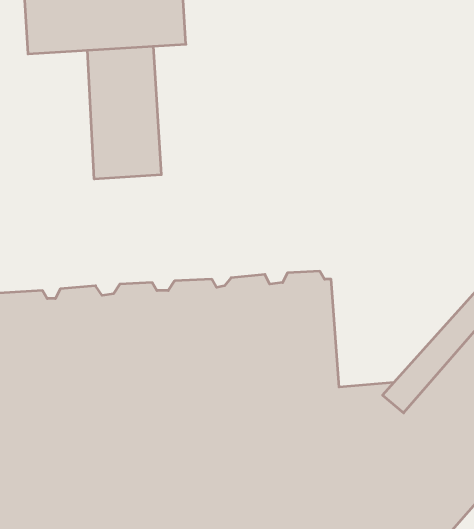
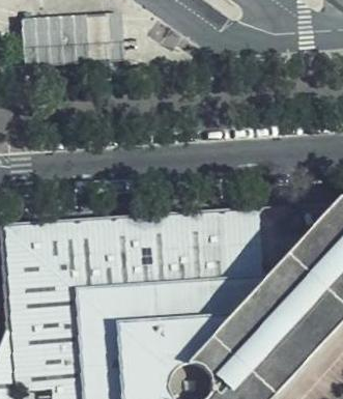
building: [87,46,161,179] -> none
building: none -> [221,208,261,285]

